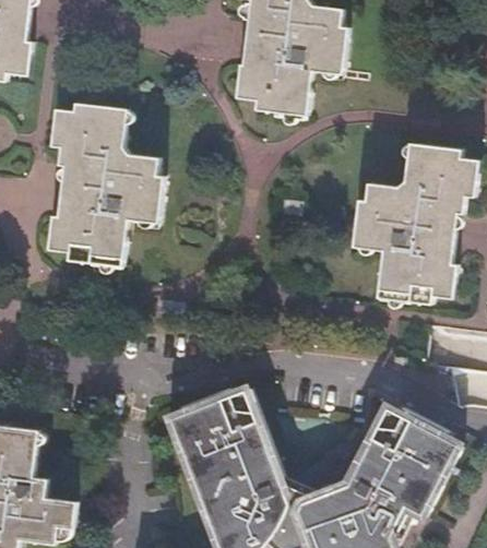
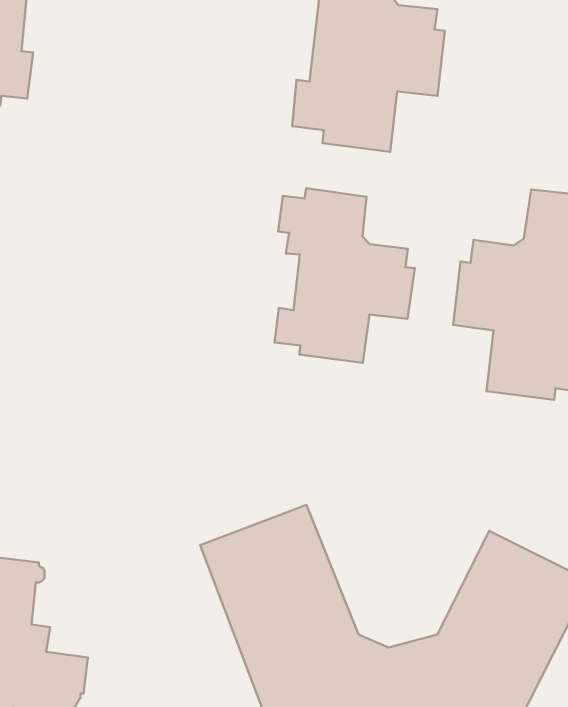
building: [47,104,165,272] -> none
building: none -> [275,188,415,363]

